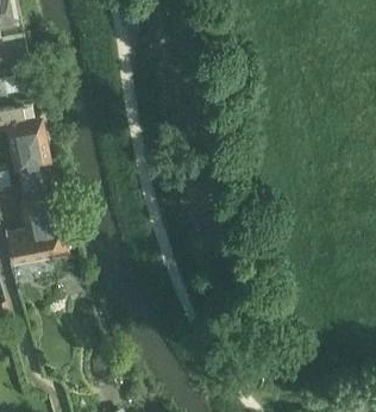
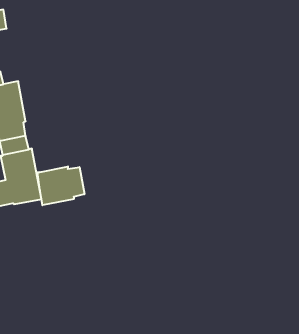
building: none -> [37,166,84,205]

